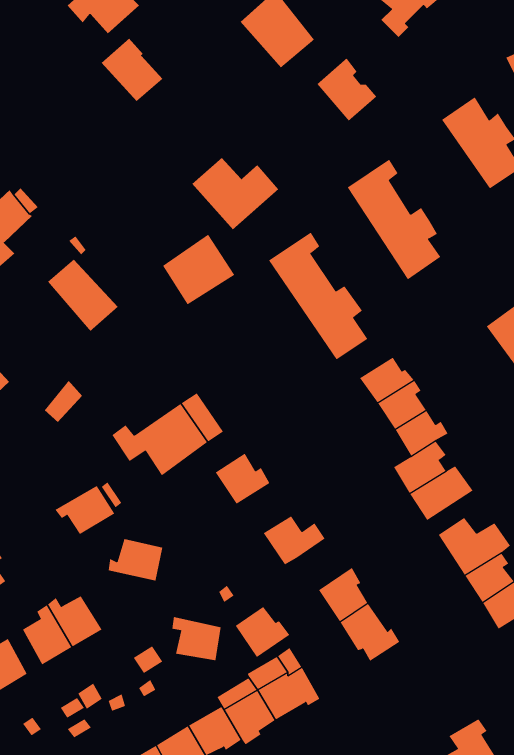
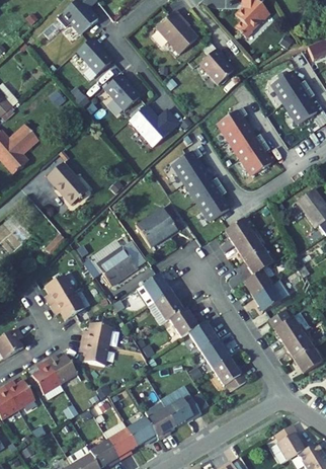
building: none -> [104,74,140,110]
building: [162,234,235,305] -> [136,207,177,247]
building: none -> [45,275,75,306]
building: none -> [154,291,182,321]
building: [235,606,290,658] -> [188,322,220,351]
building: [171,616,221,661] -> [80,340,108,366]

